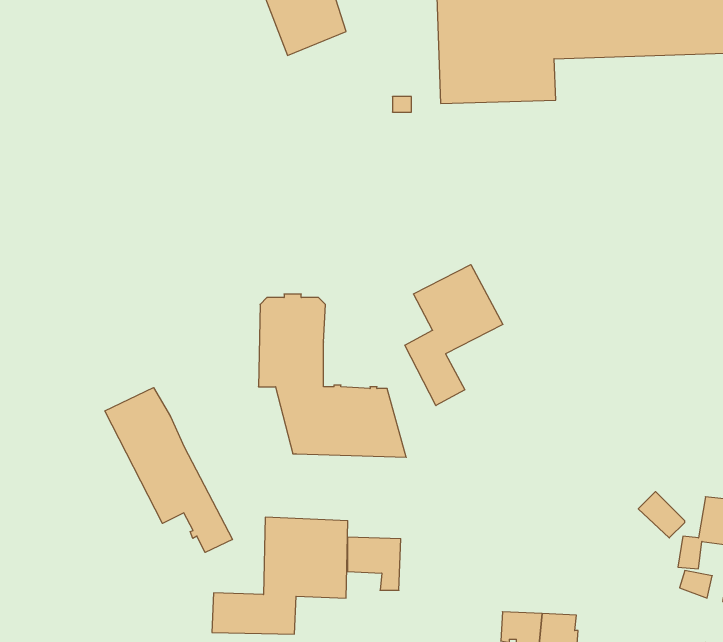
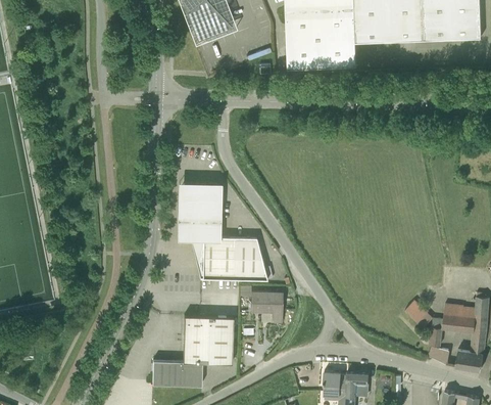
building: [405,265,503,406] -> none
building: [105,388,232,552] -> none
building: [347,537,401,590] -> [251,291,283,323]

